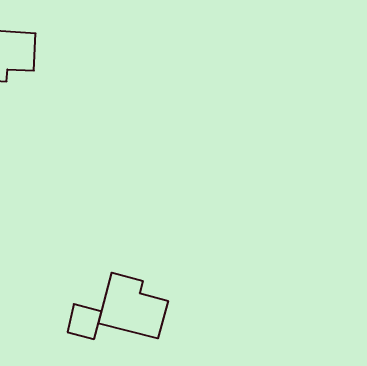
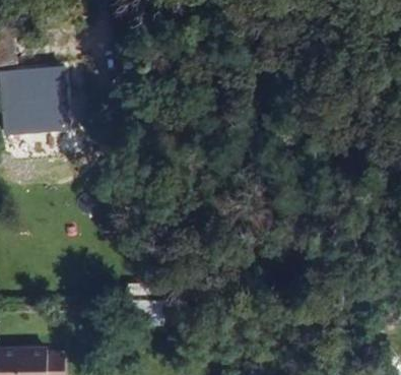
building: [98,273,168,338] -> none

